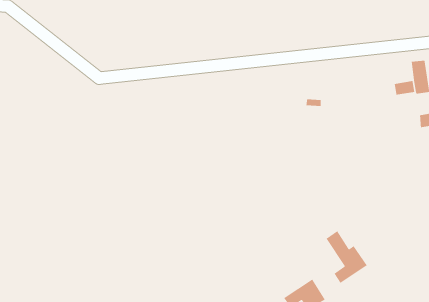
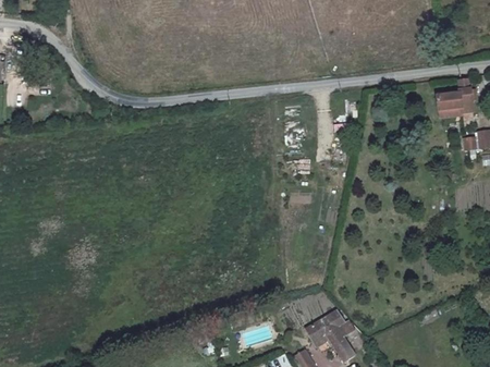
building: [326,230,368,284] -> none

